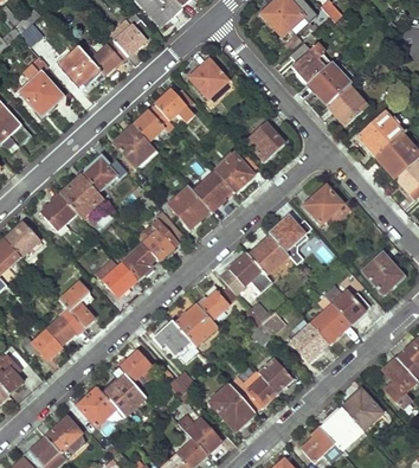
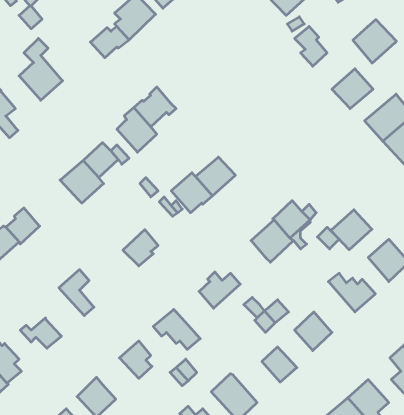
building: [59,47,104,89] -> none
building: [189,59,227,97] -> none
building: [308,63,350,105] -> [353,20,396,63]
building: [155,88,194,120] -> none
building: [246,122,284,160] -> none
building: [215,154,253,193] -> none
building: [303,186,343,225] -> [331,210,372,250]
building: [39,191,78,232] -> none
building: [143,219,174,261] -> none
building: [228,252,262,286] -> none
building: [97,255,137,296] -> none
building: [309,294,349,344] -> none
building: [174,303,217,346] -> none
building: [46,310,84,346] -> none
building: [102,368,146,417] -> none
building: [230,371,276,412] -> none

